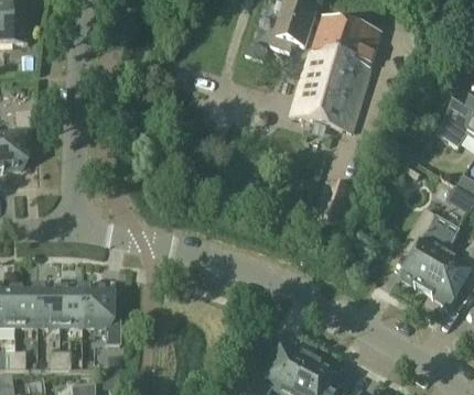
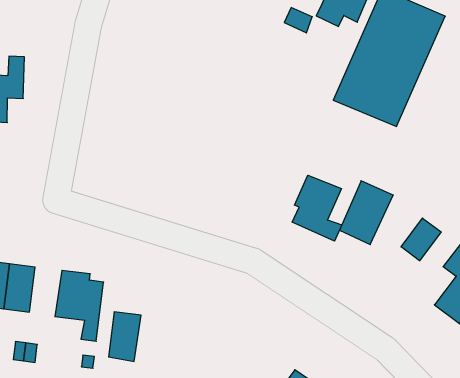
building: none -> [292,175,342,241]
building: none -> [401,218,441,261]
building: [60,286,83,326] -> [109,312,141,361]

